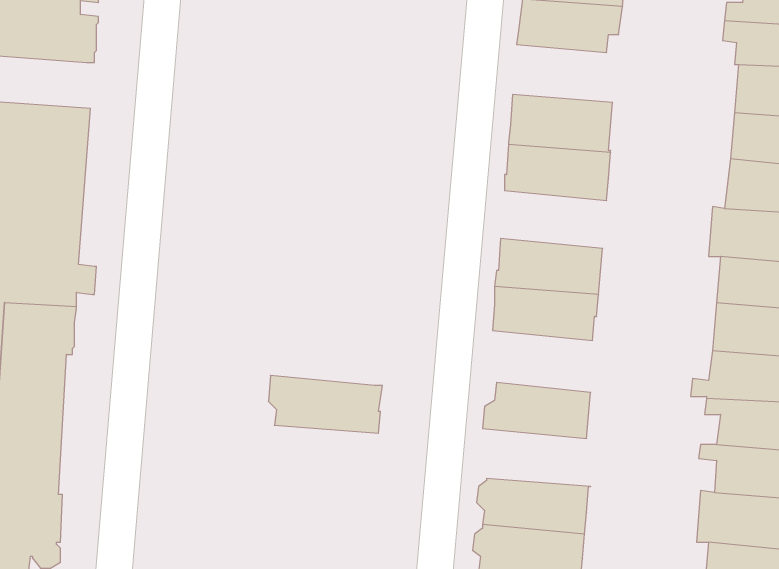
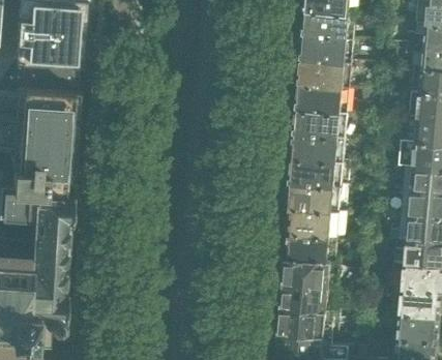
building: none -> [298,58,353,88]
building: none -> [292,133,347,163]
building: none -> [286,206,341,238]
building: [268,375,382,433] -> [282,257,341,287]

